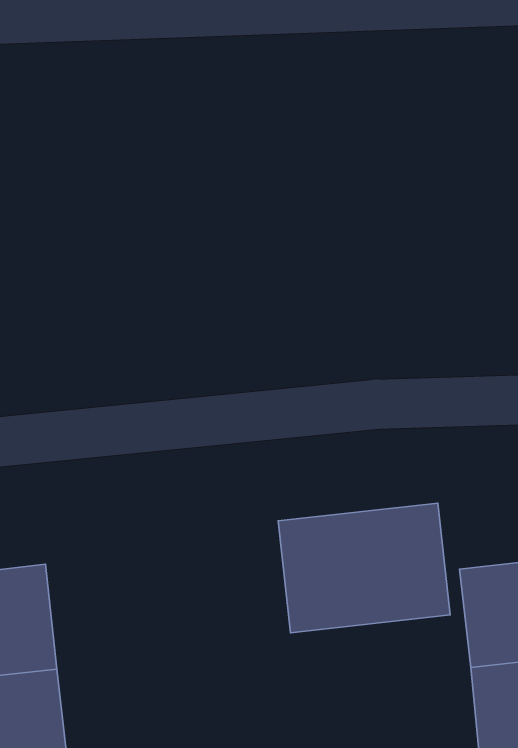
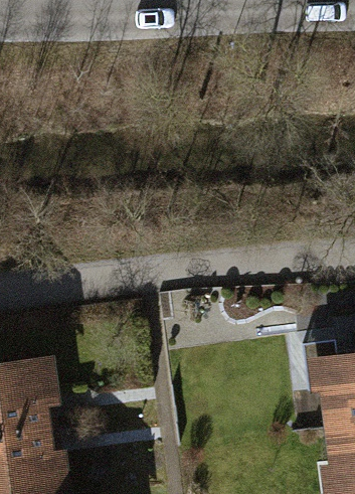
building: [278,503,450,633] -> none

